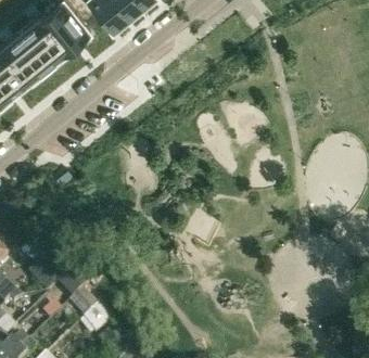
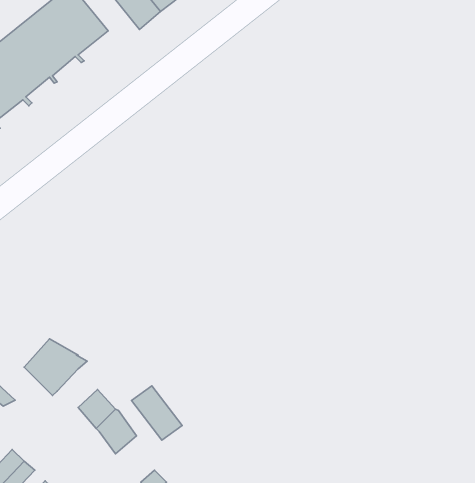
building: none -> [131,386,182,440]

